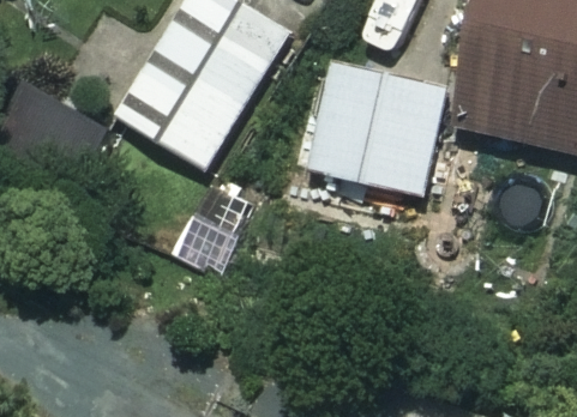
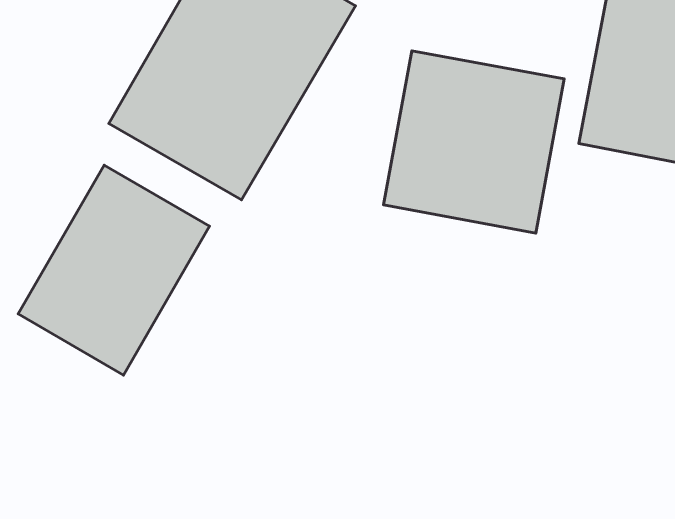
building: none -> [18,165,209,375]

